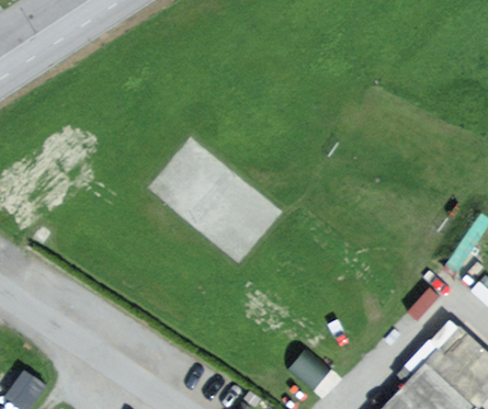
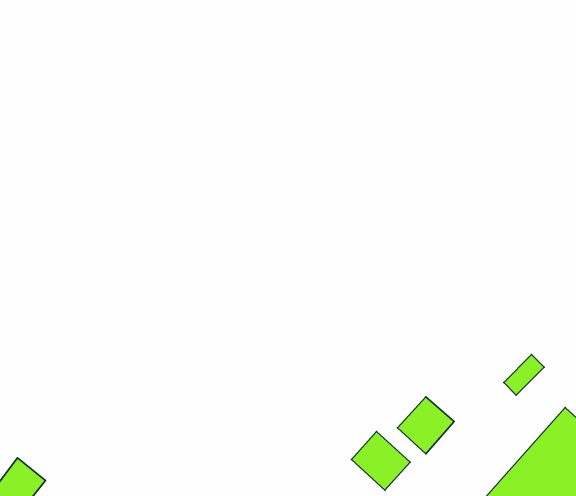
building: none -> [397,397,454,454]

